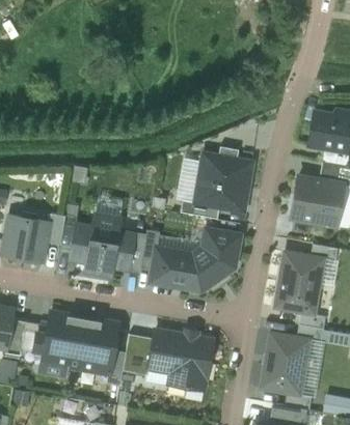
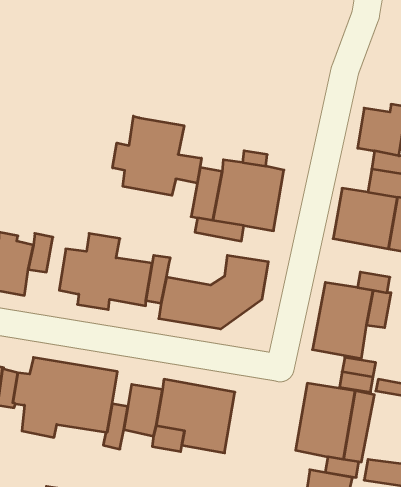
building: none -> [113,116,201,195]
building: [157,228,206,255] -> none

